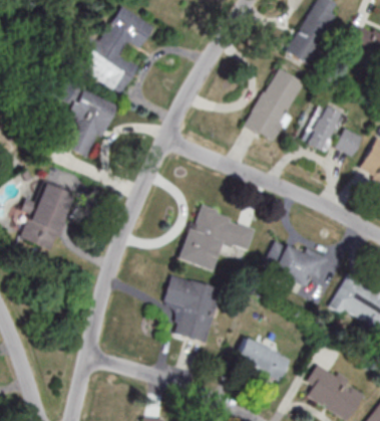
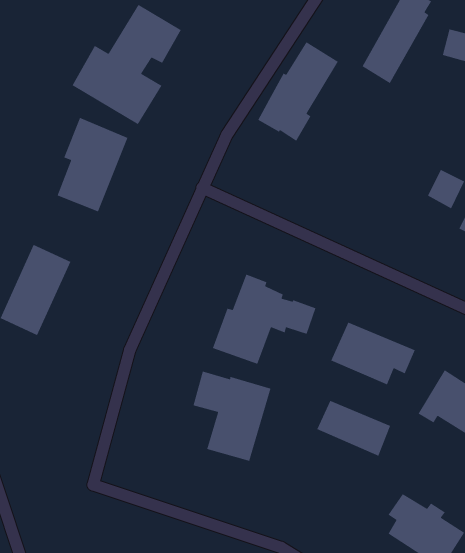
building: [243,68,303,143] -> [257,41,339,142]
building: [304,103,342,152] -> none
building: [235,338,290,380] -> [316,400,391,457]

